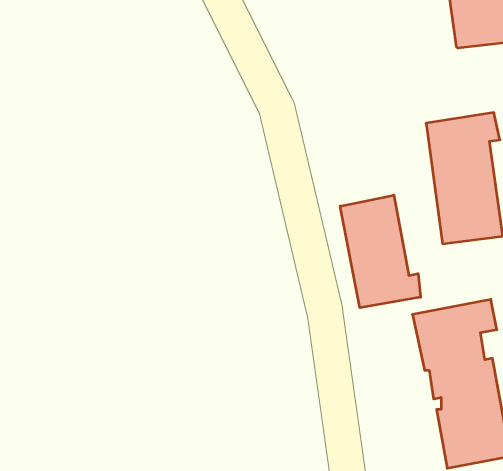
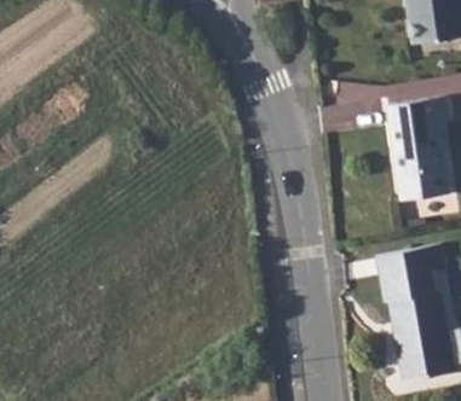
building: [340,195,421,308] -> none

